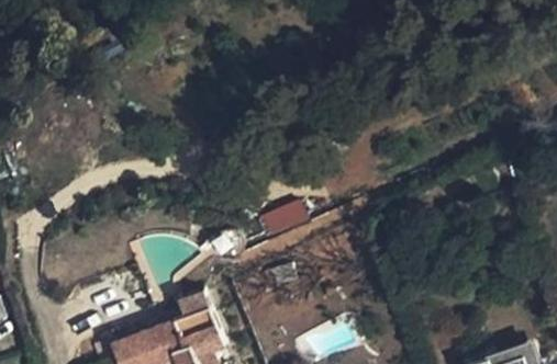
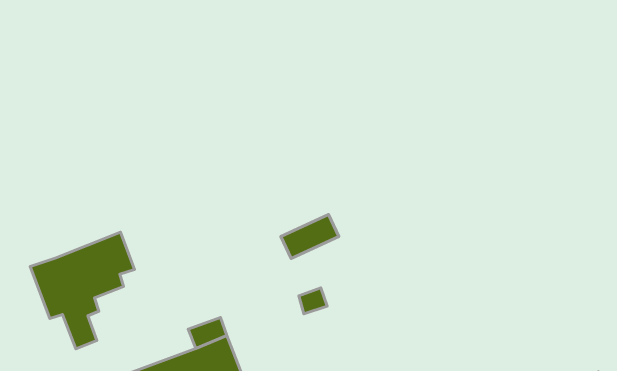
building: none -> [30,232,135,349]

